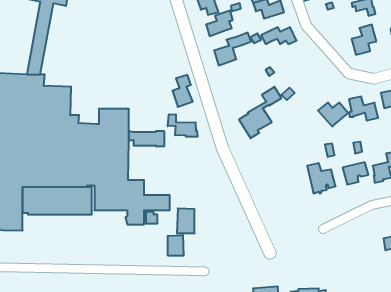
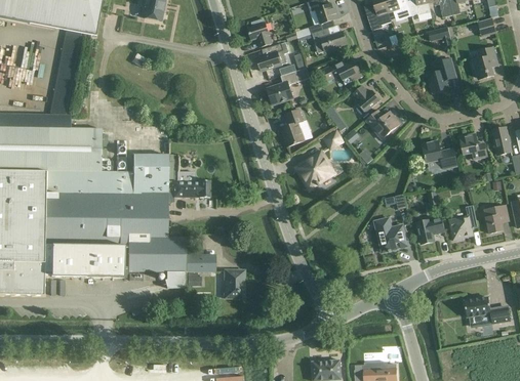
building: none -> [353,84,381,112]
building: [172,75,193,107] -> [281,109,305,145]
building: [318,103,348,127] -> [365,111,400,138]
building: [168,114,198,137] -> none
building: [168,235,183,256] -> none

